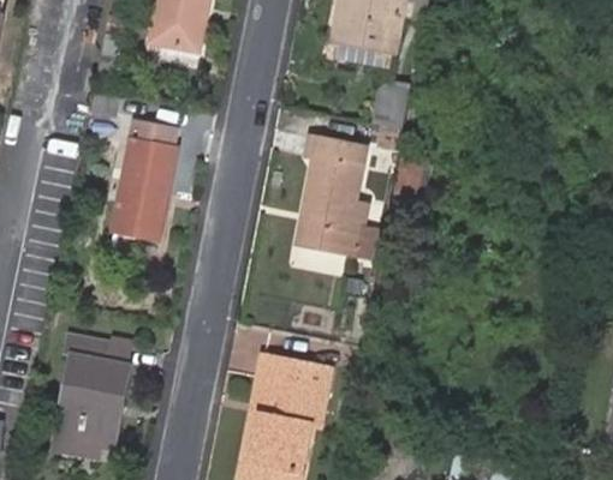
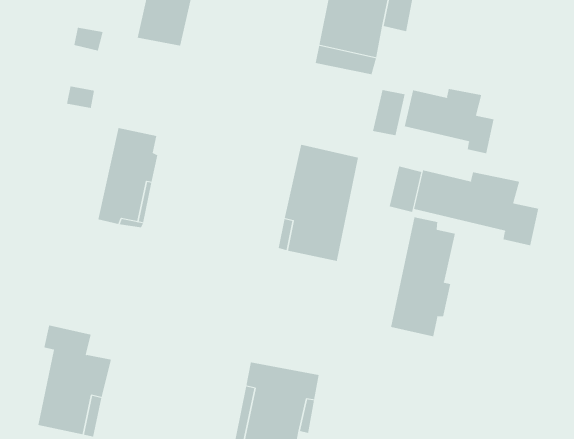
building: none -> [404,88,494,154]
building: none -> [413,170,539,246]
building: none -> [390,217,455,337]

